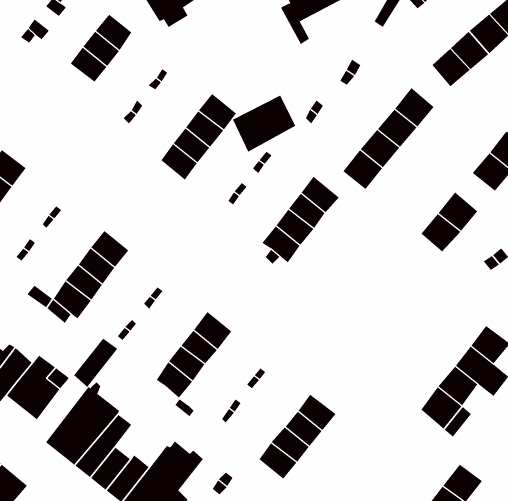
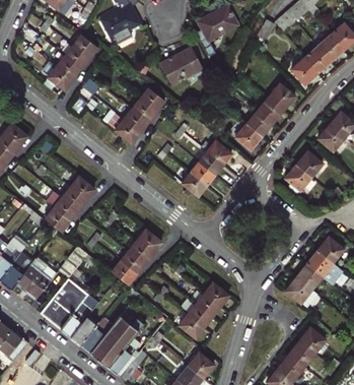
building: none -> [46,67,73,93]
building: [232,95,296,152] -> [158,46,200,83]

